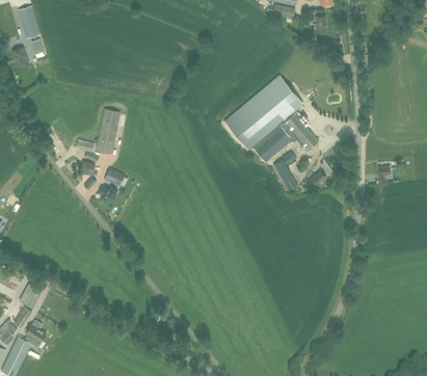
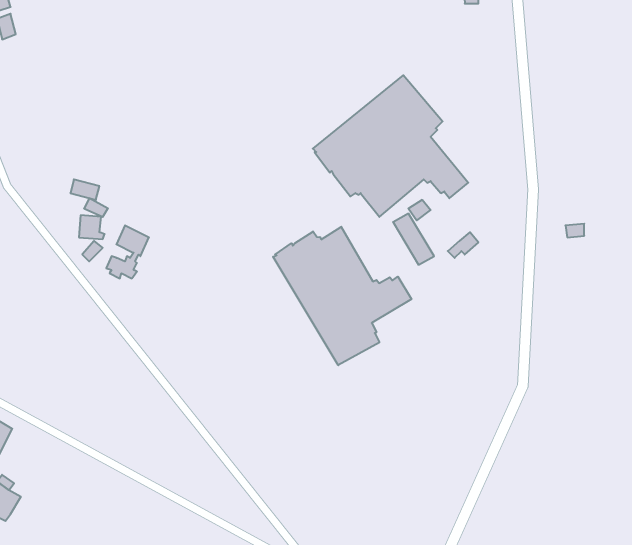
building: [97,108,121,153] -> none
building: none -> [273,227,411,365]

